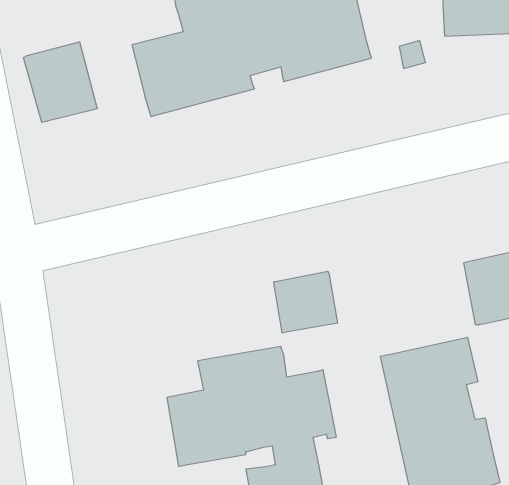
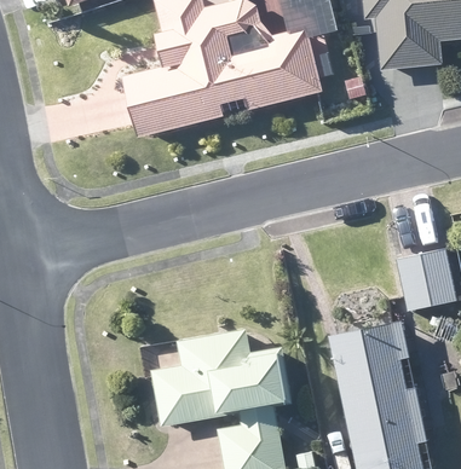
building: [23,42,97,122] -> none
building: [274,271,338,333] -> none

